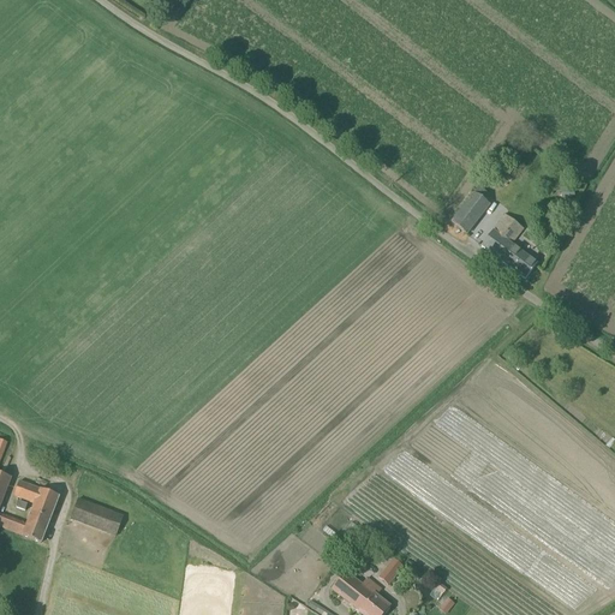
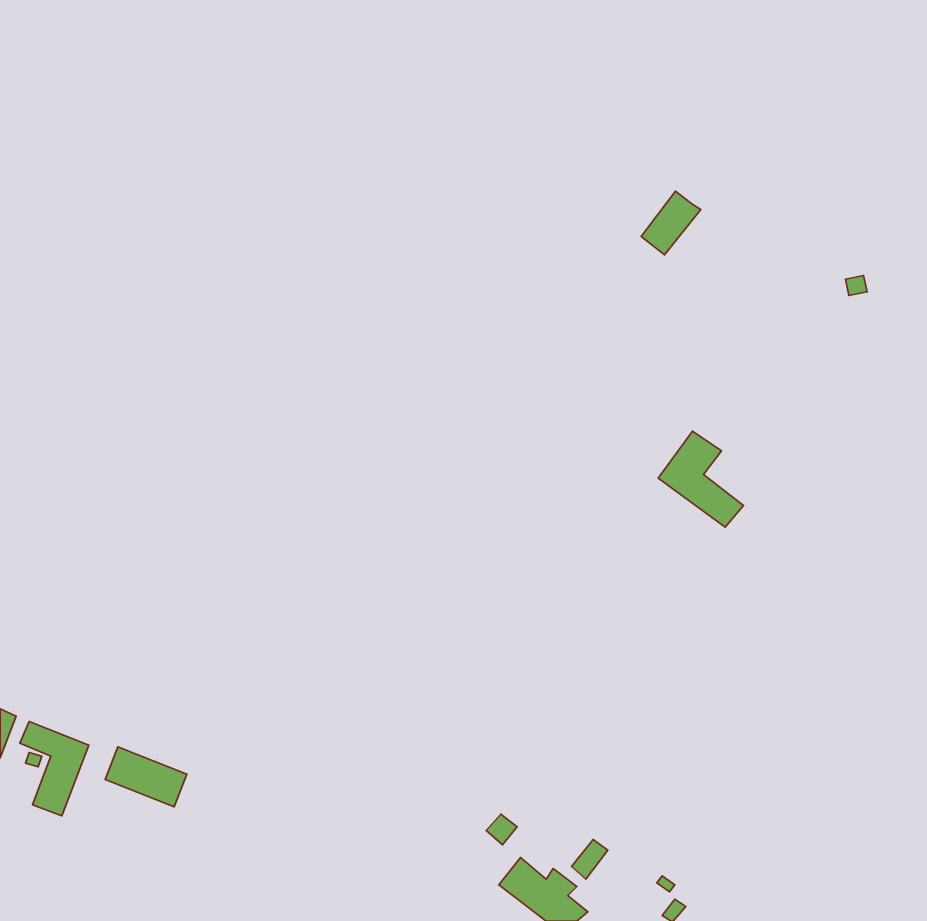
building: [450,190,490,232] -> [641,191,701,255]
building: [480,213,537,276] -> [658,431,743,527]

